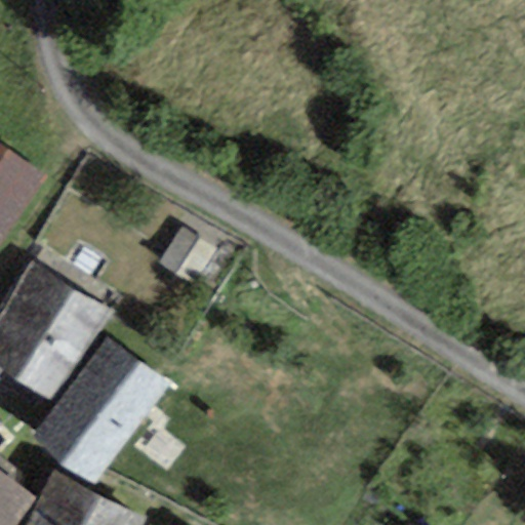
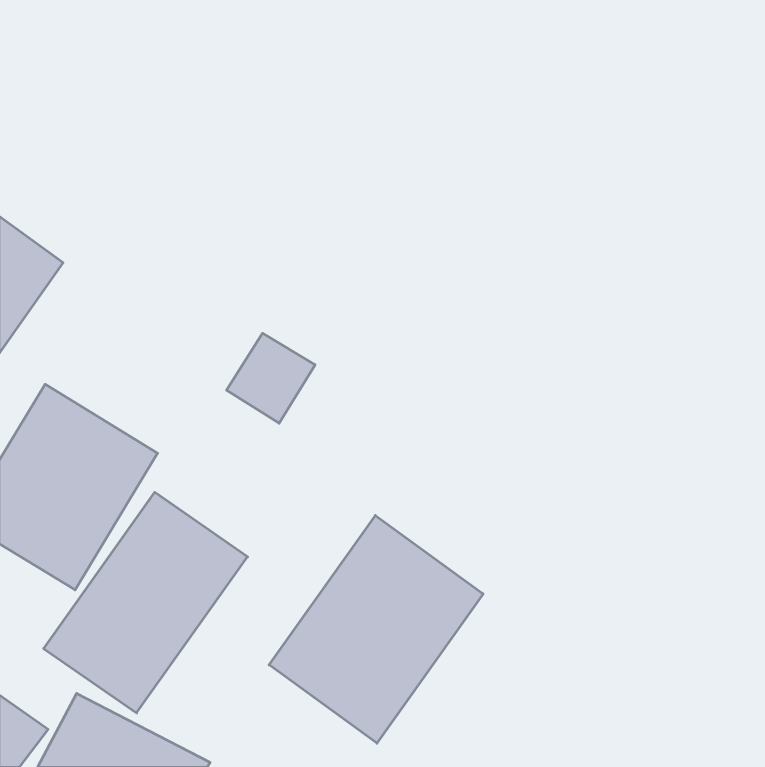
building: none -> [269,515,483,743]

